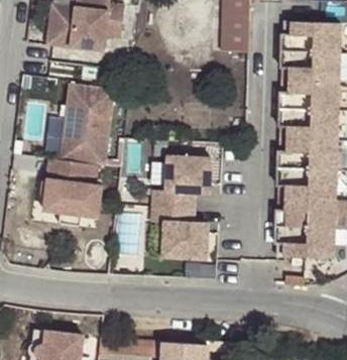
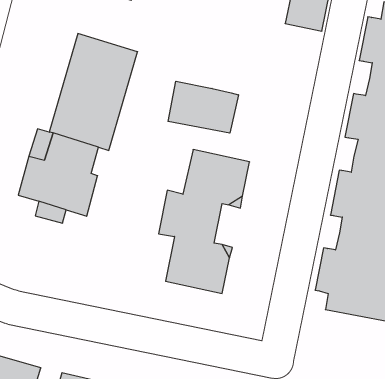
building: none -> [168,81,238,133]

